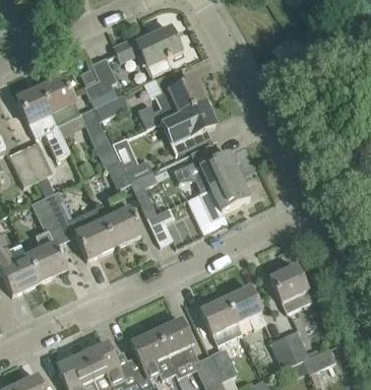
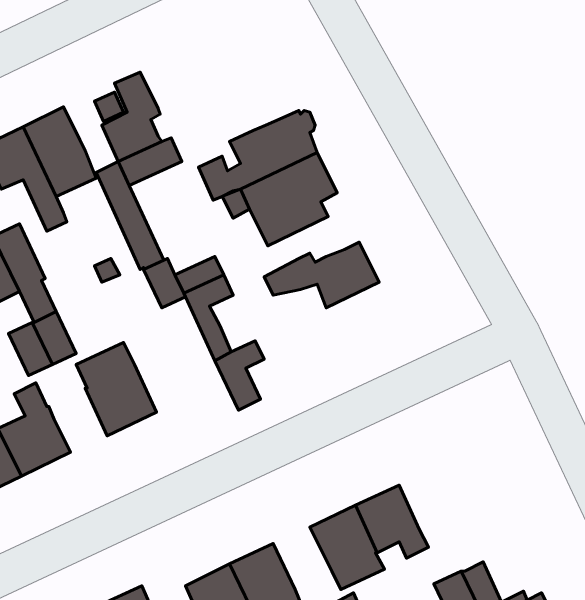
building: [114,26,181,74] -> none
building: [199,174,250,220] -> none
building: [103,194,142,246] -> none
building: [270,265,312,312] -> none

